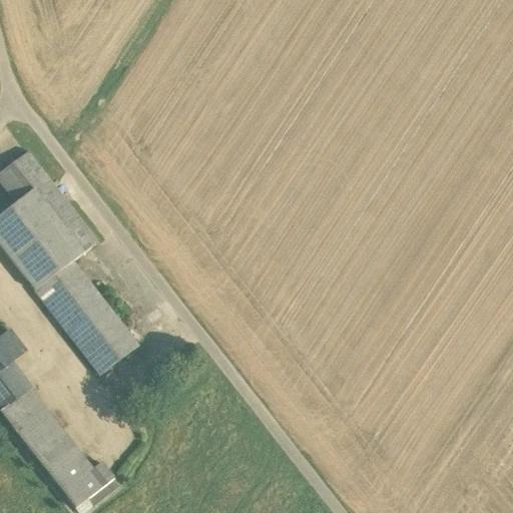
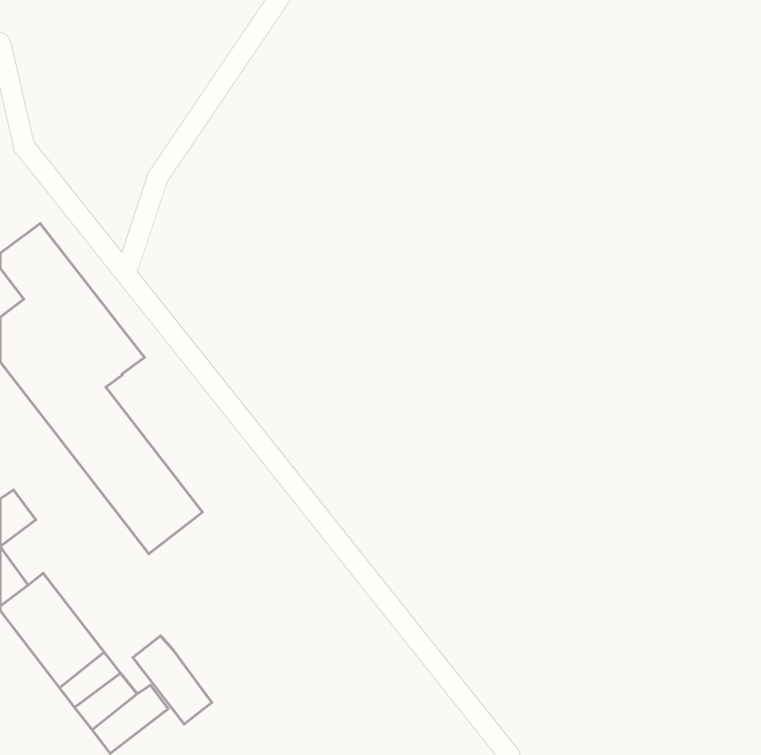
building: none -> [133,636,212,724]

